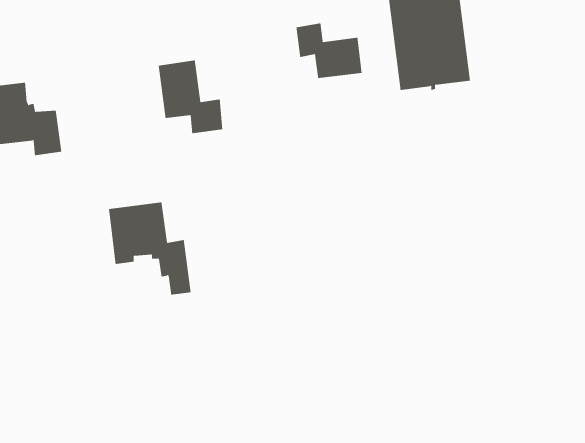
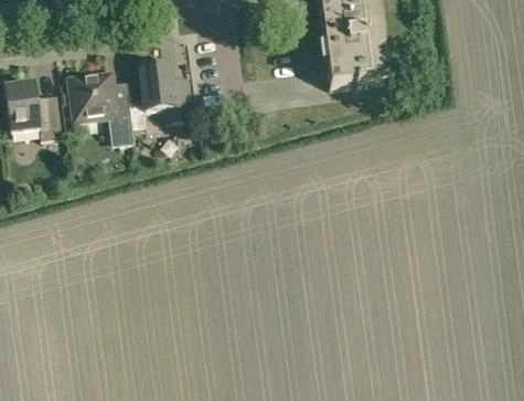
building: [296,23,362,79] -> none
building: [108,202,191,295] -> [68,68,135,143]

